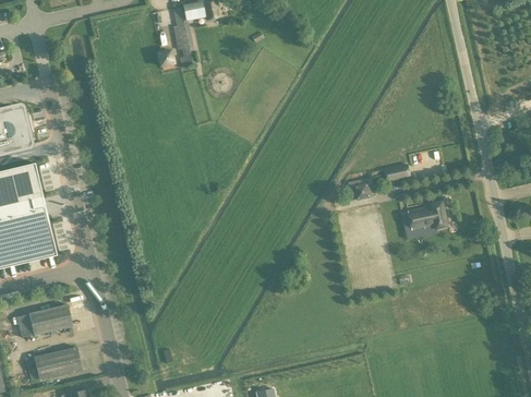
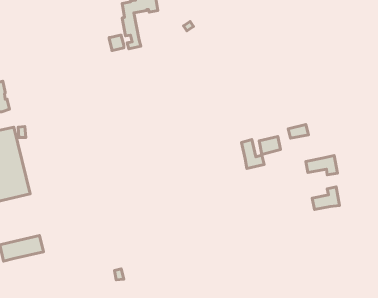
building: none -> [241,140,264,168]
building: none -> [312,187,340,209]
building: [26,347,82,381] -> none

